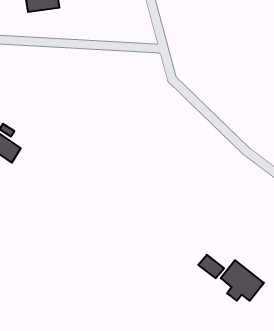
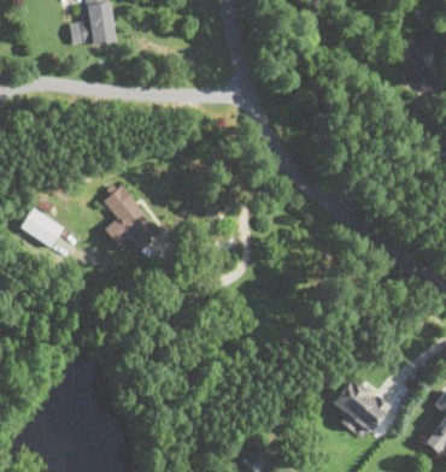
building: none -> [104,184,159,244]
building: [198,255,224,278] -> none

